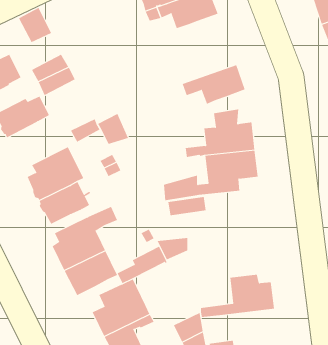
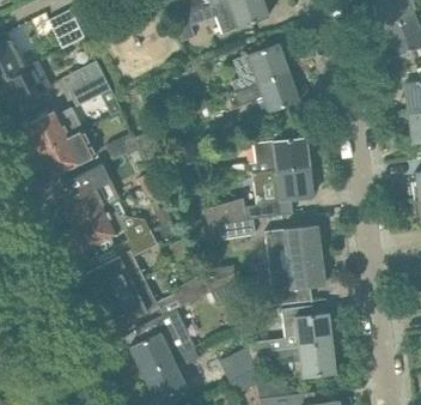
building: none -> [227,43,289,93]
building: none -> [35,128,96,180]
building: none -> [264,224,324,304]
building: none -> [274,343,335,376]

